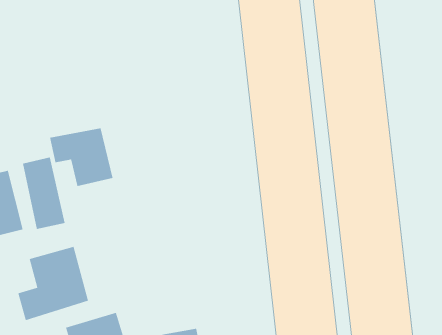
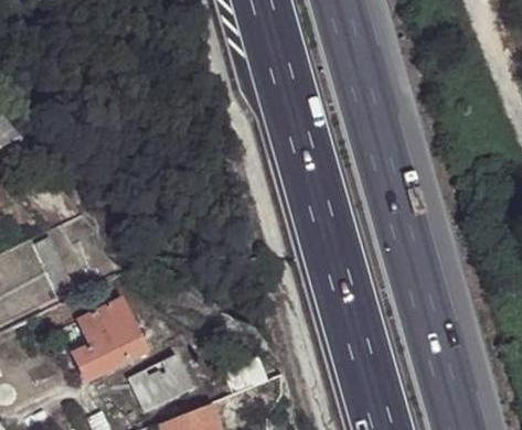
building: [49,127,113,187] -> none

